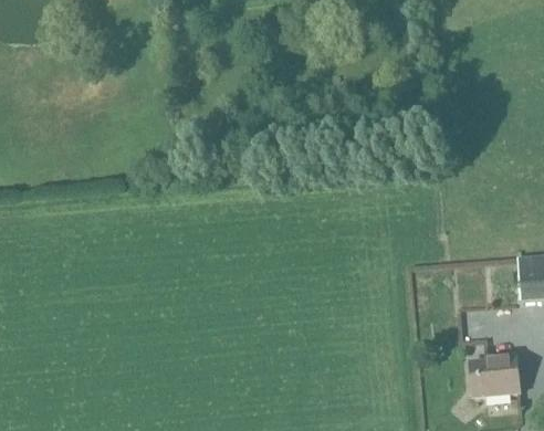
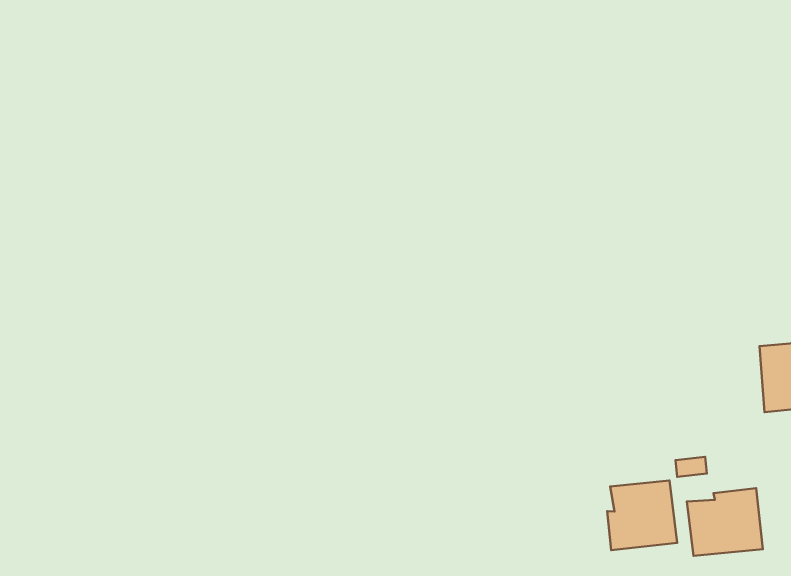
building: none -> [607,481,677,550]

